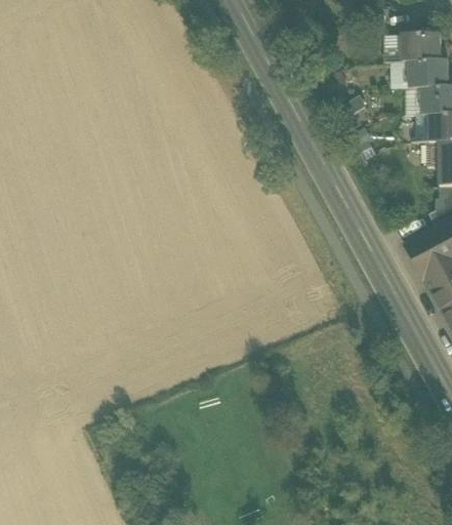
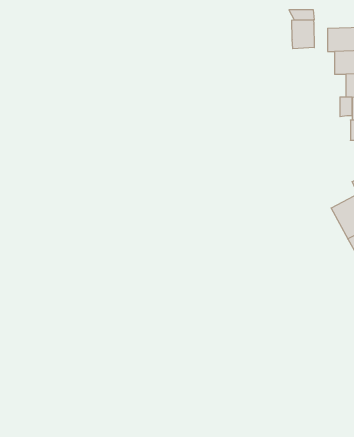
building: none -> [292,20,314,49]

